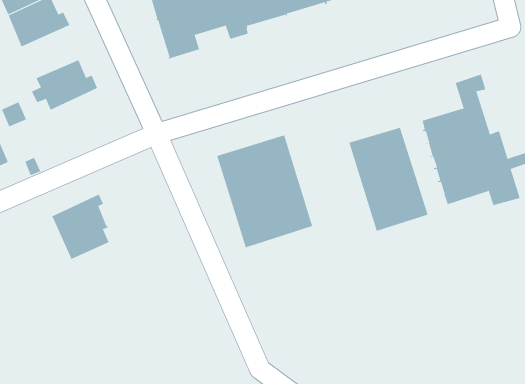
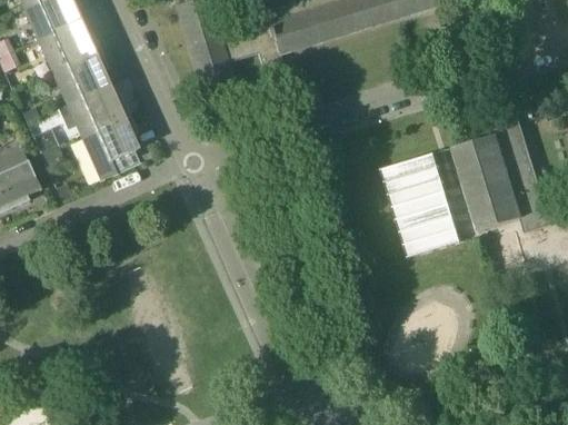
building: none -> [52,51,110,105]
building: [217,135,313,248] -> none
building: [52,194,110,261] -> [81,115,140,181]

